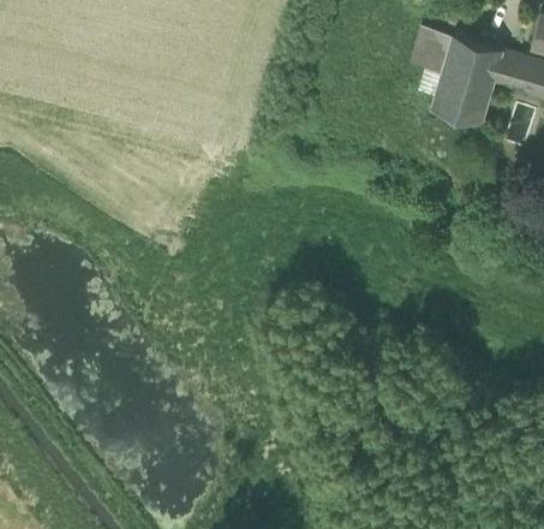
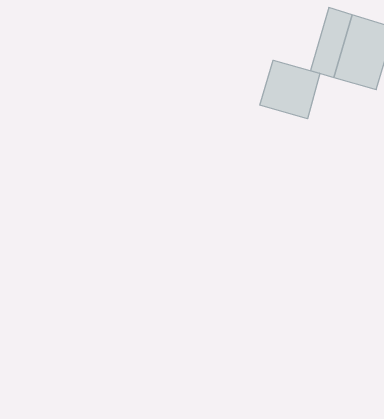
building: none -> [260,60,320,119]

